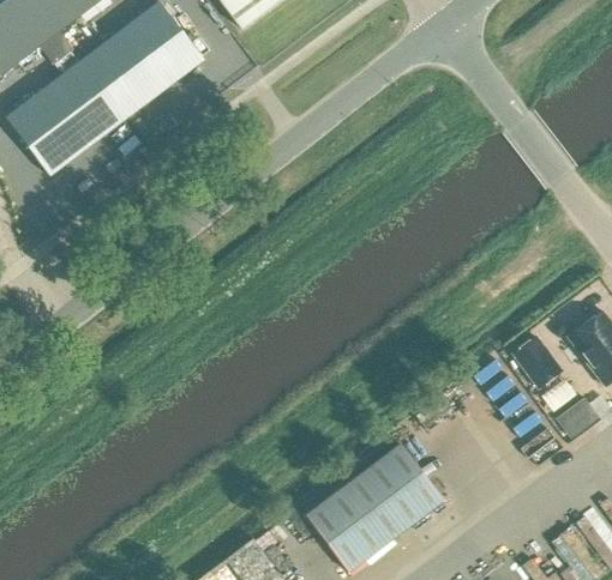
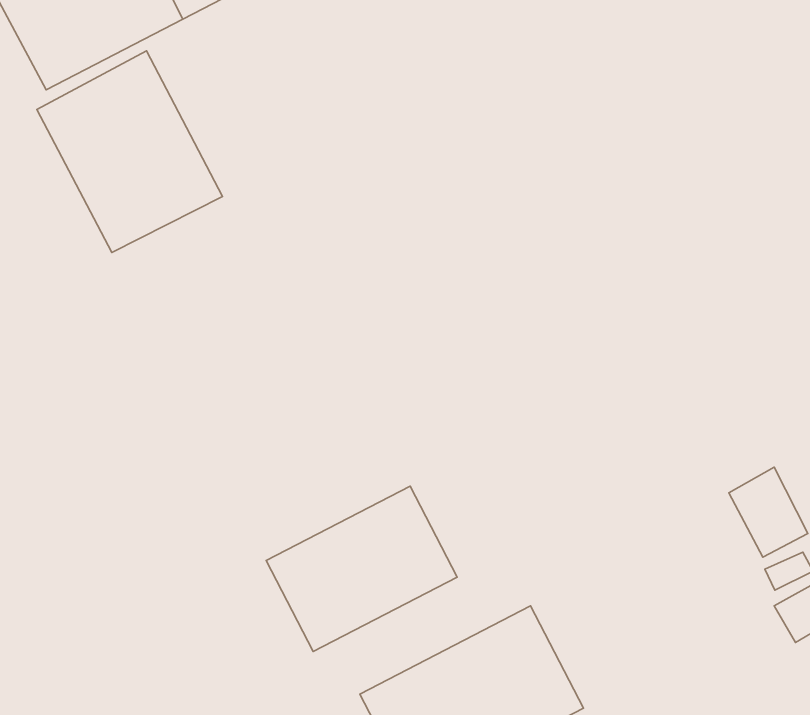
building: none -> [37,51,222,253]
building: none -> [266,486,457,651]

